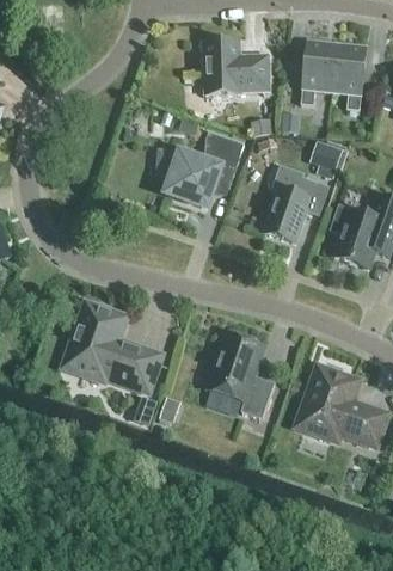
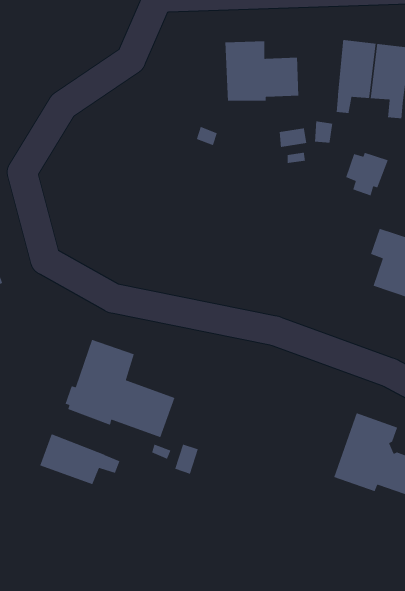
building: [156,130,244,207] -> none
building: [264,165,328,242] -> none
building: [207,333,275,418] -> none
building: none -> [39,433,121,485]

